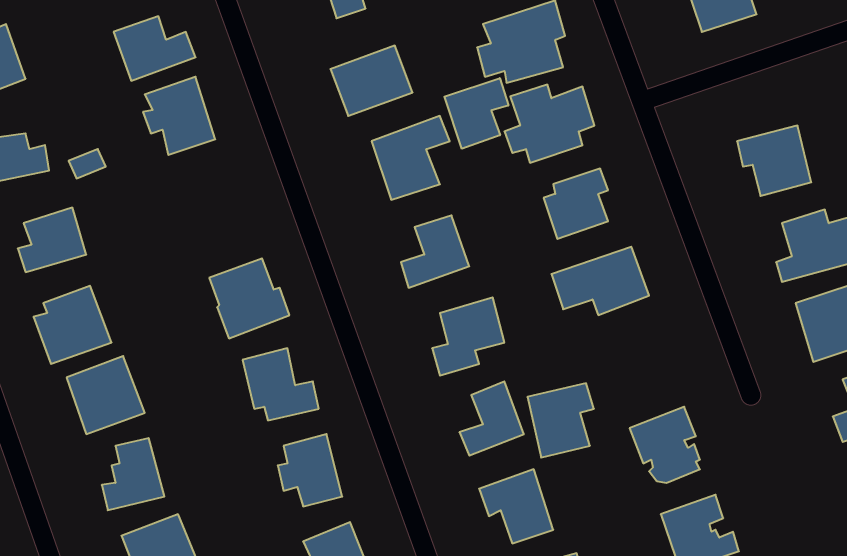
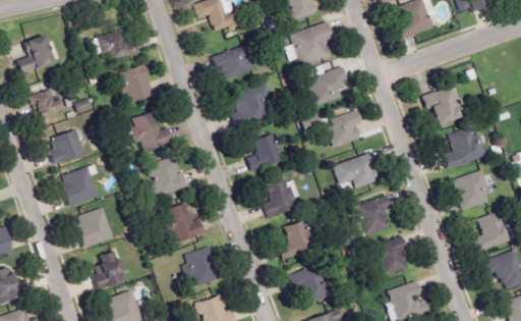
building: [444,78,508,149] -> none
building: none -> [128,109,169,150]
building: [527,383,594,458] -> [360,197,395,235]

